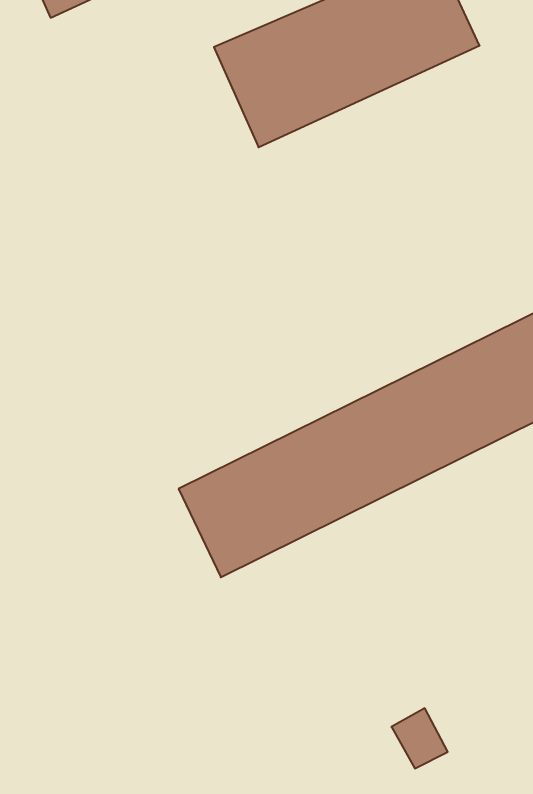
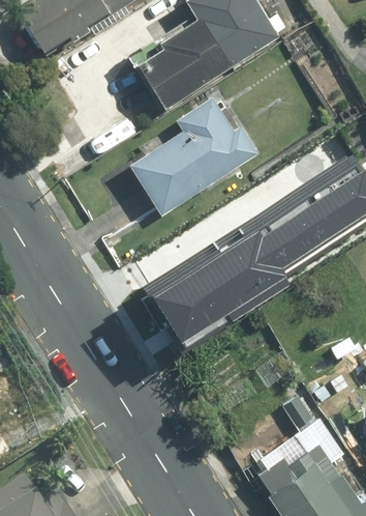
building: none -> [131,97,258,212]

